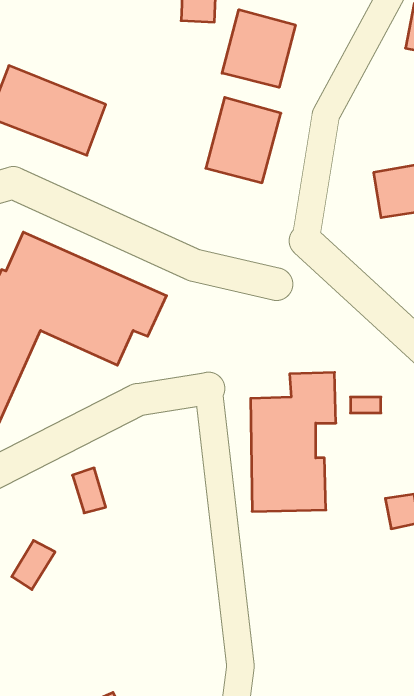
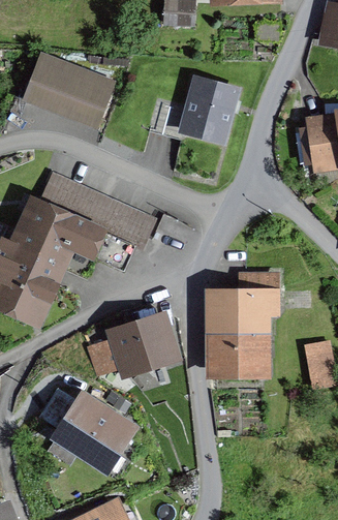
building: [222,10,295,87] -> none
building: none -> [109,317,165,367]
building: none -> [56,395,131,467]

